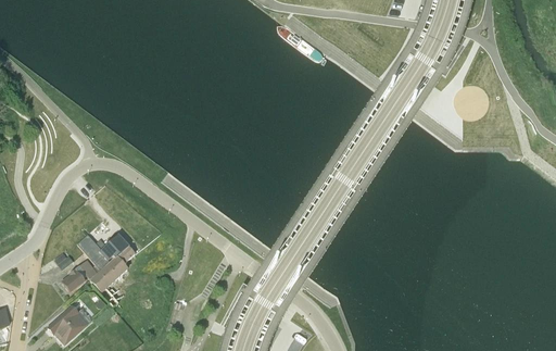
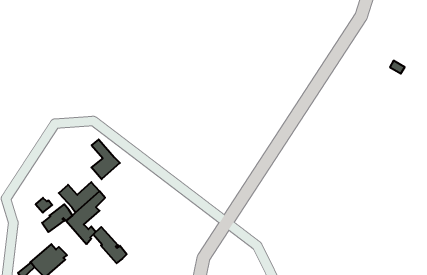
building: none -> [91,139,120,179]
building: none -> [93,227,127,263]

